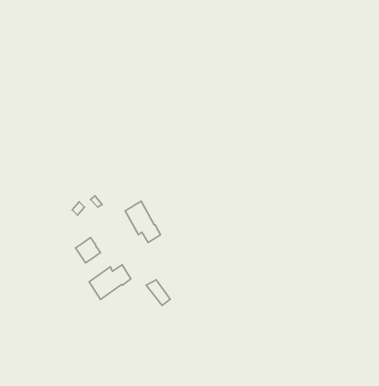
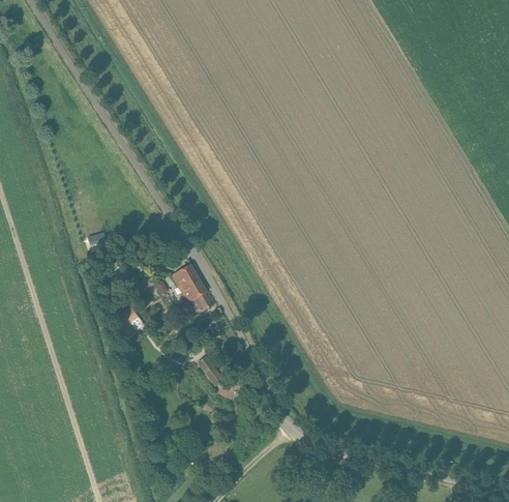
building: [89,265,131,300] -> none

